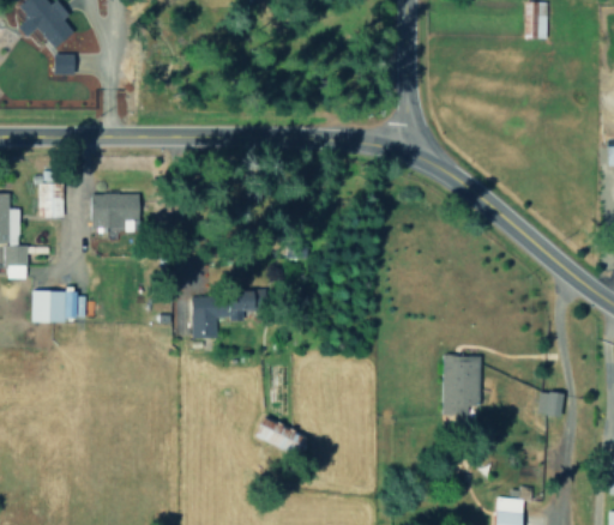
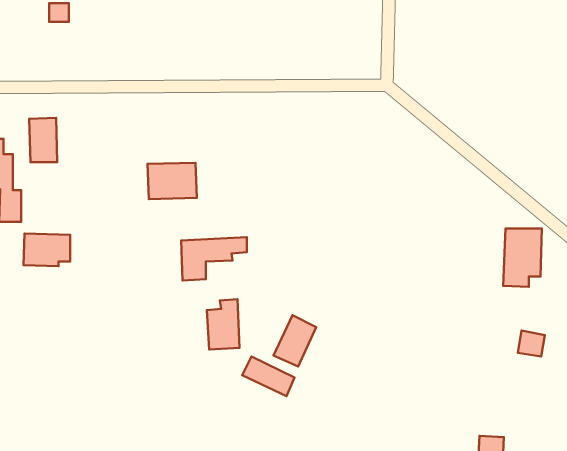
building: [92,193,143,230] -> [148,163,197,199]
building: [443,355,482,415] -> [503,228,542,287]
building: none -> [207,299,240,349]
building: none -> [273,315,316,367]

